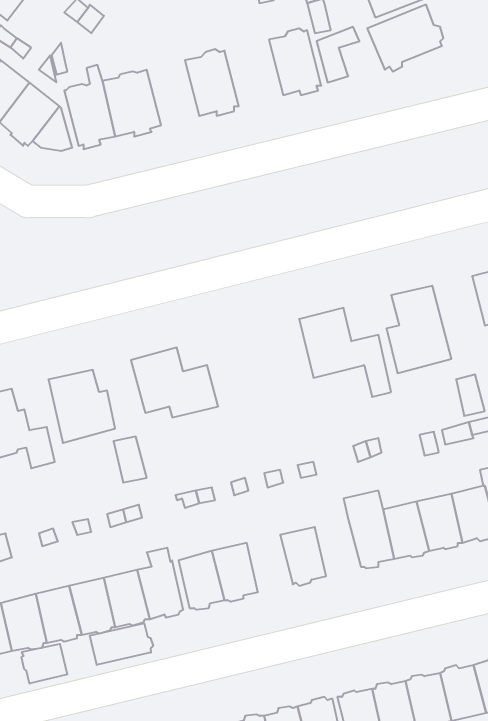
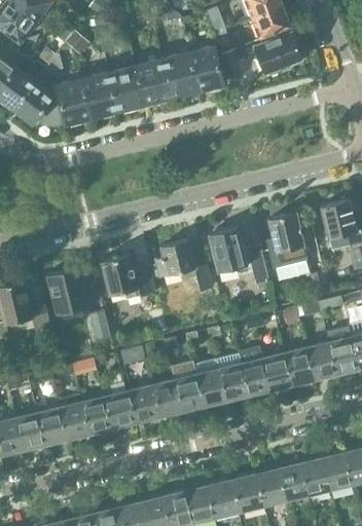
building: none -> [160,54,198,99]
building: none -> [110,68,144,112]
building: none -> [155,240,212,292]
building: none -> [219,365,249,403]
building: none -> [175,375,205,413]
building: [90,623,153,665] -> none
building: [22,644,67,684] -> none

